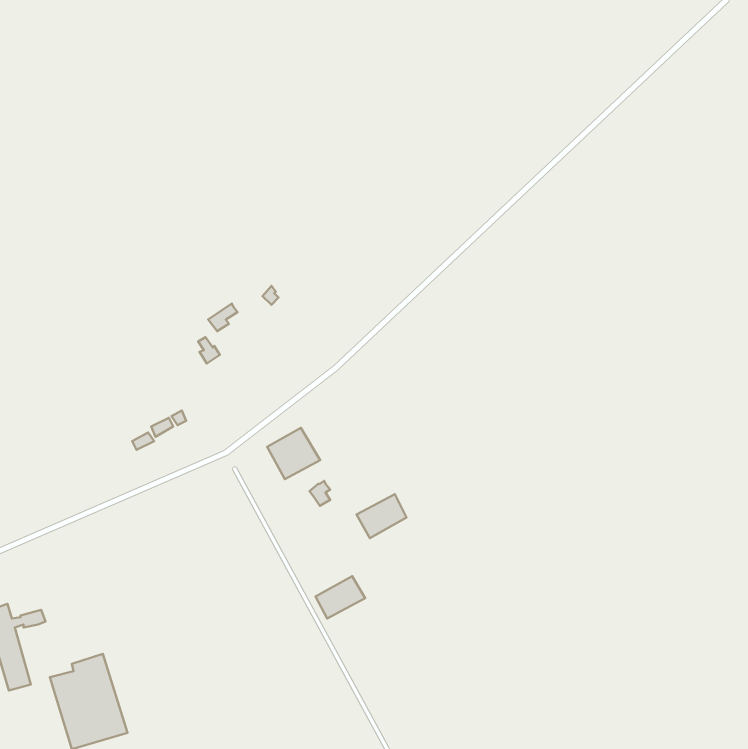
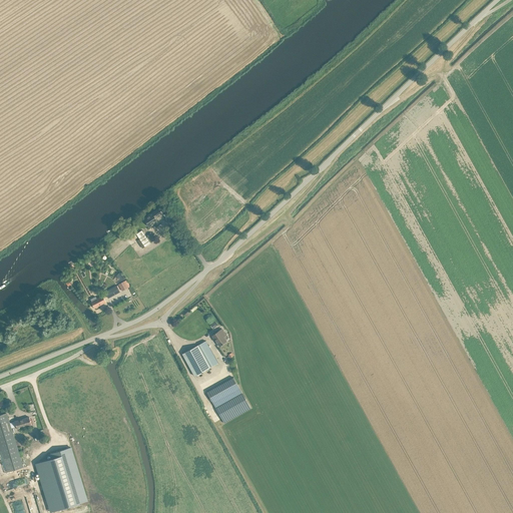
building: [267,428,320,479] -> [181,341,217,376]
building: [357,494,406,538] -> [206,378,240,408]

